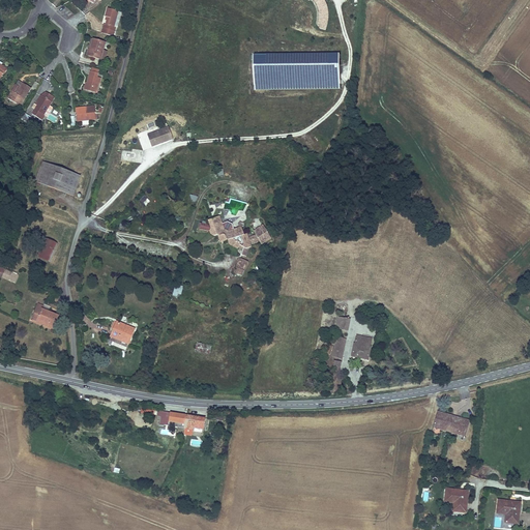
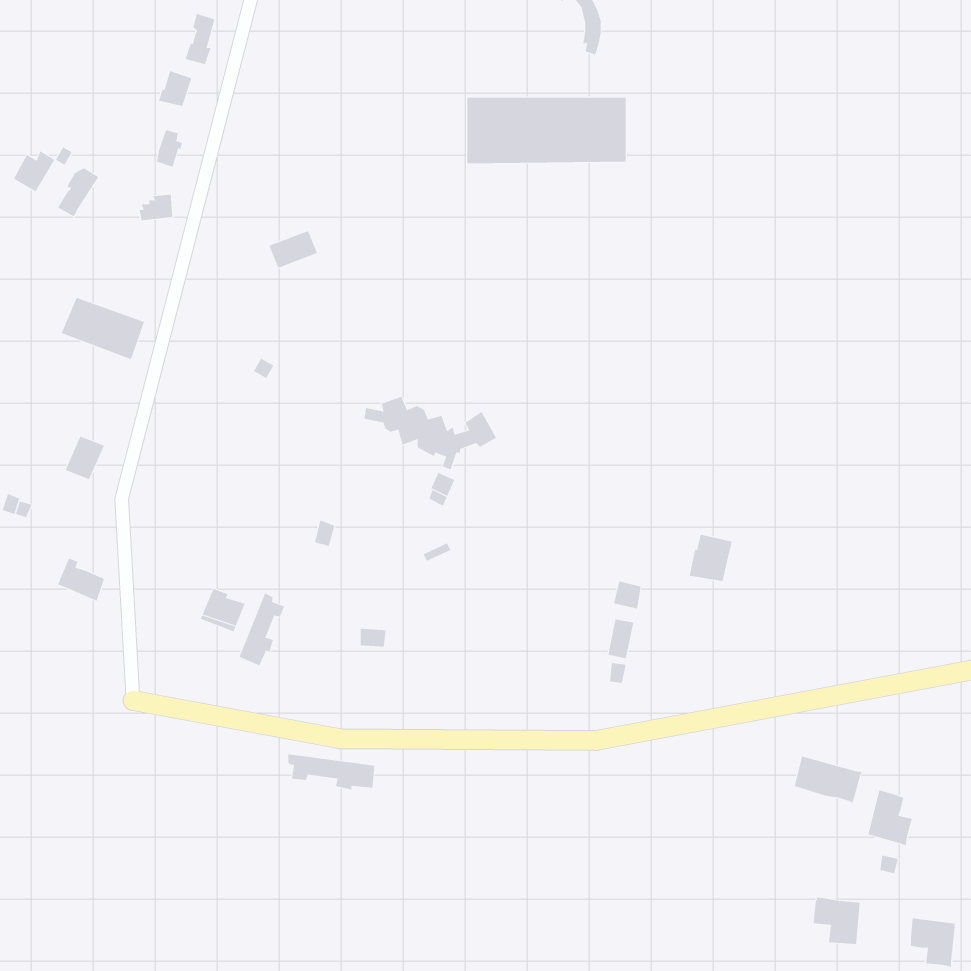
building: none -> [239,592,285,666]
building: [349,334,373,360] -> [689,534,733,582]
building: none -> [868,789,912,846]

